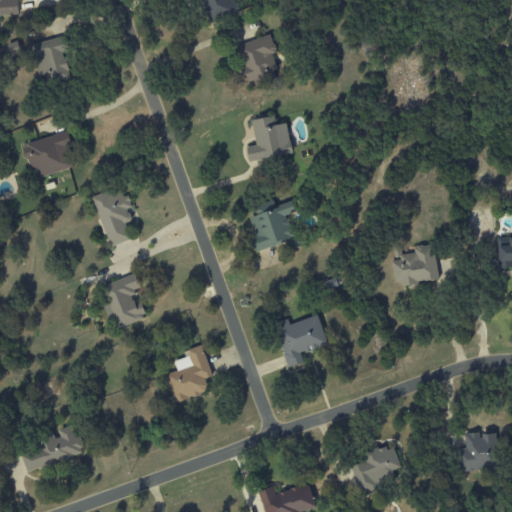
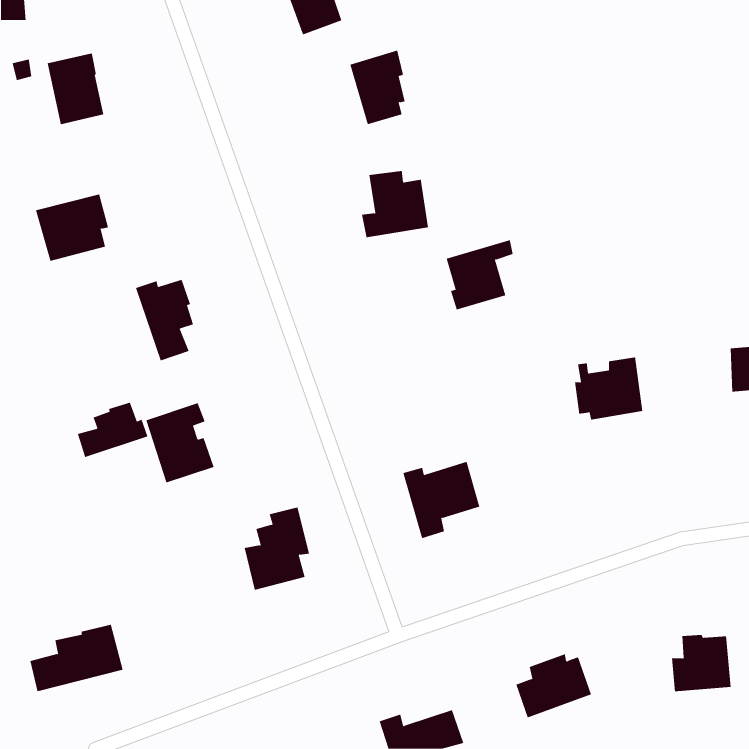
building: [250,202,296,250] -> [446,240,513,310]
building: none -> [77,402,148,458]

